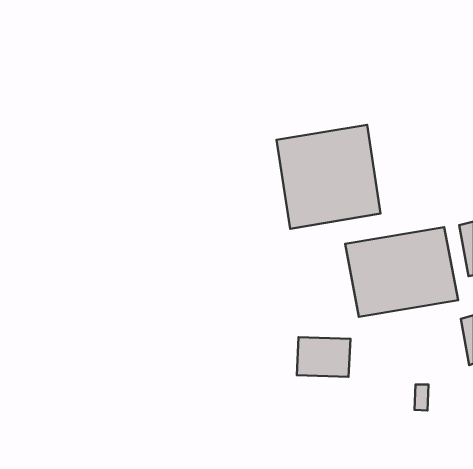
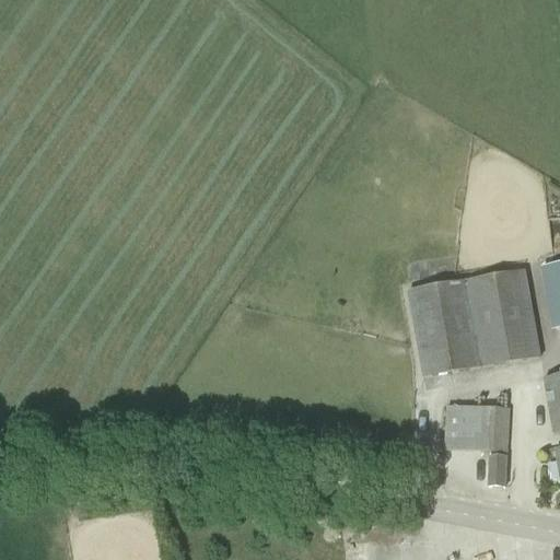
building: [277,125,381,229] -> none
building: [297,337,351,377] -> [446,404,510,451]

